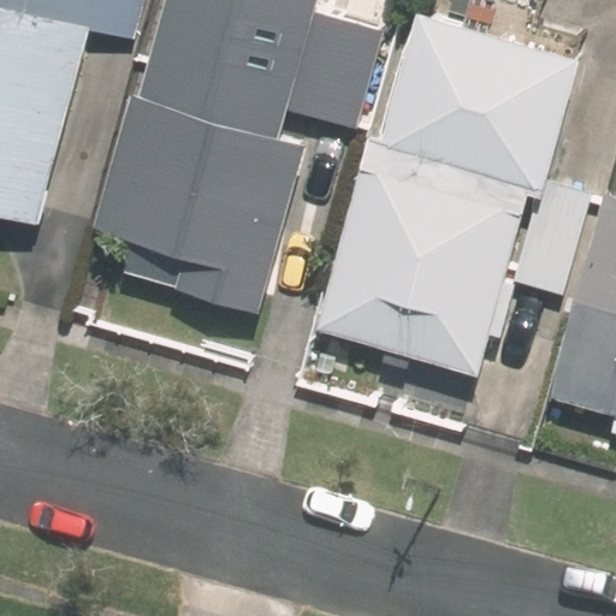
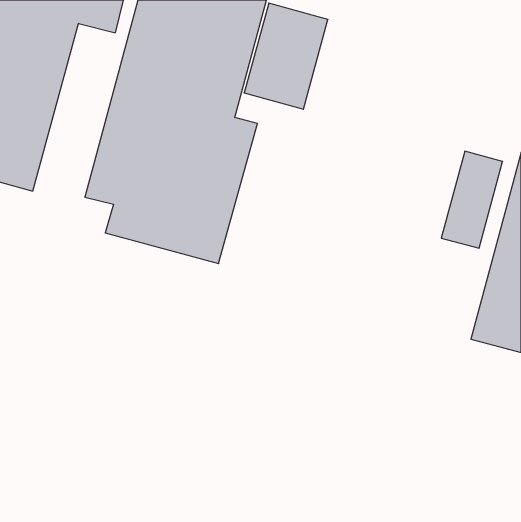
building: [374,16,576,186] -> none
building: [312,170,521,374] -> none

